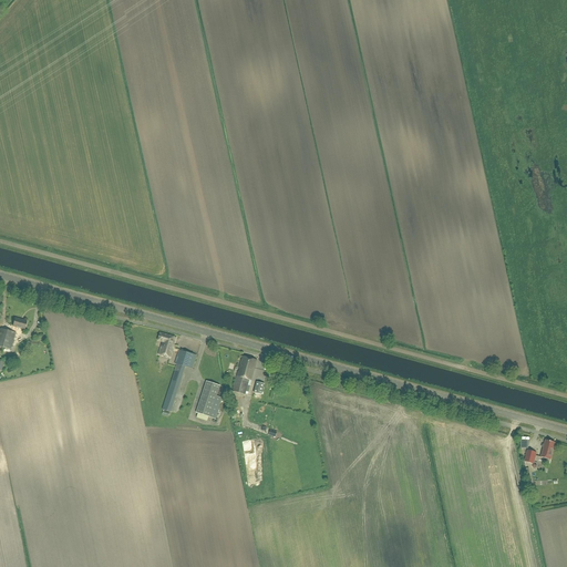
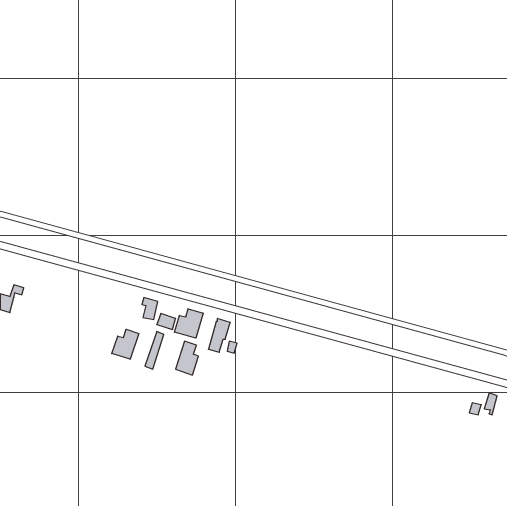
building: none -> [174,309,203,338]
building: none -> [112,329,139,359]

